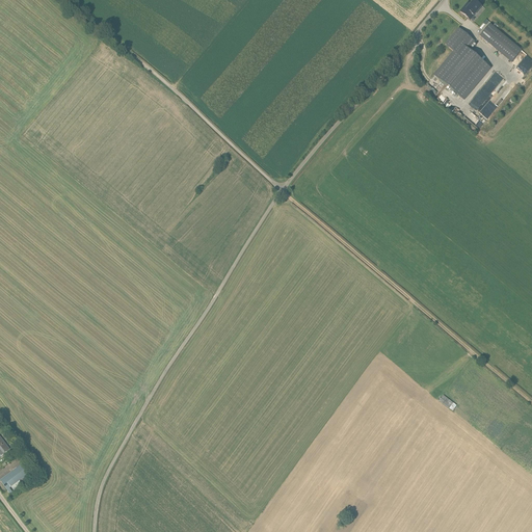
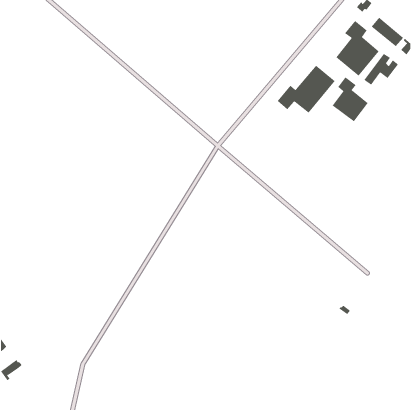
building: none -> [277,65,335,114]
building: none -> [332,76,369,122]

